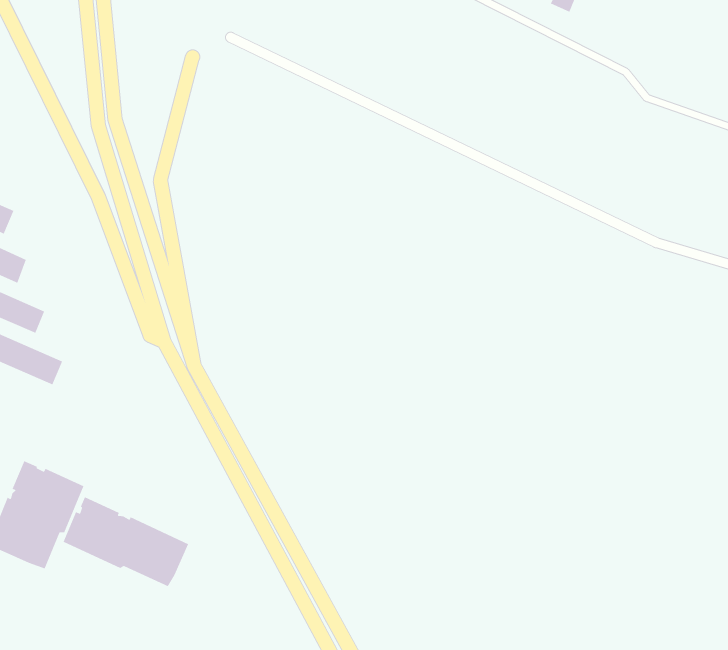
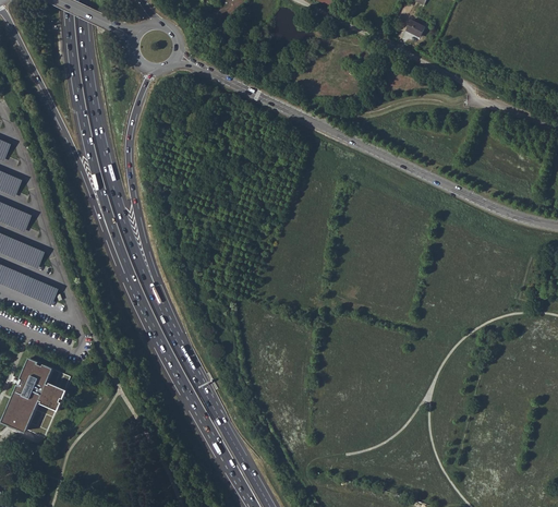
building: [63,496,189,587] -> none

